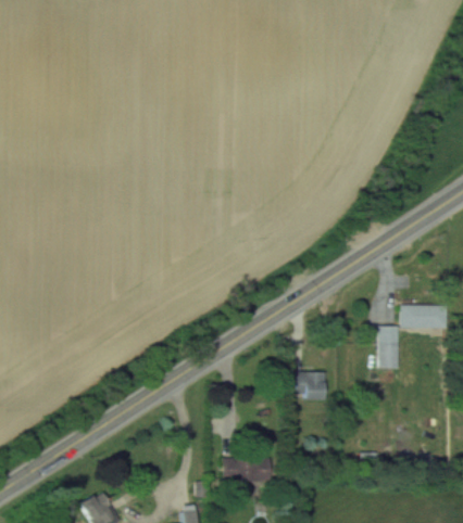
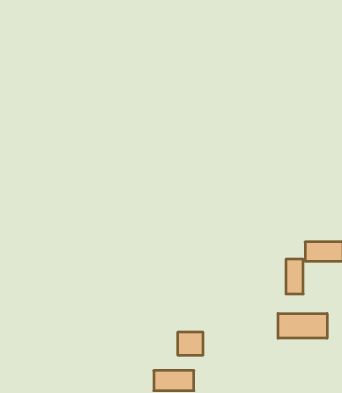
building: [296,372,326,399] -> [178,332,203,355]
building: none -> [278,313,327,338]

